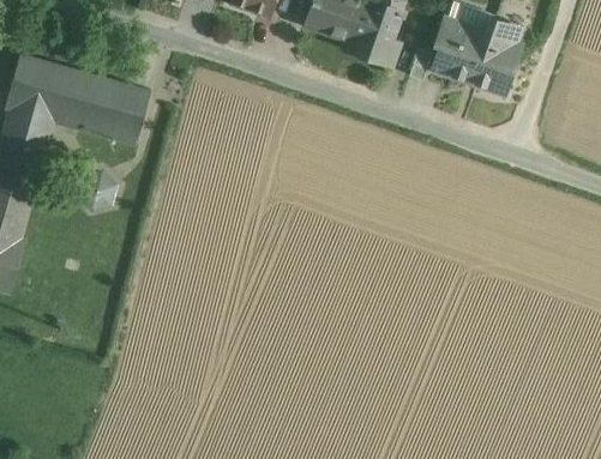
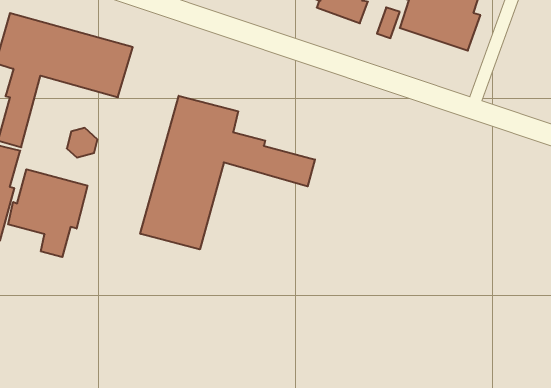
building: none -> [140,96,315,249]
building: none -> [8,169,87,257]

